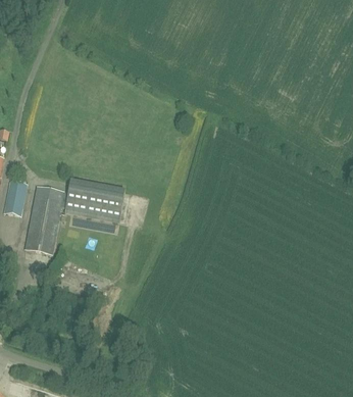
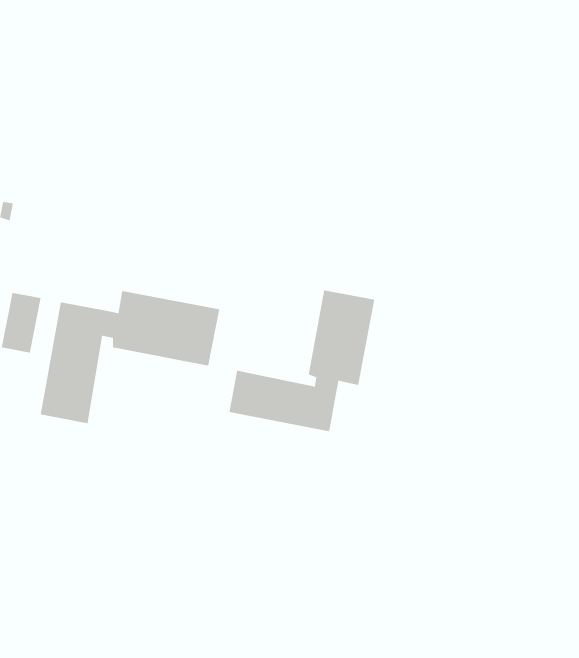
building: none -> [229,290,375,432]

